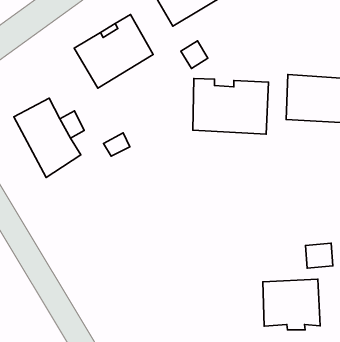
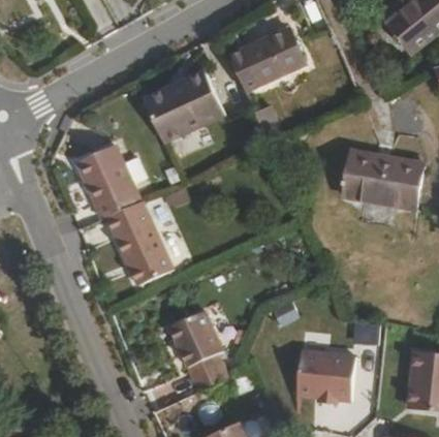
building: [193,78,268,134] -> none
building: none -> [106,202,173,286]
building: none -> [168,316,227,396]

